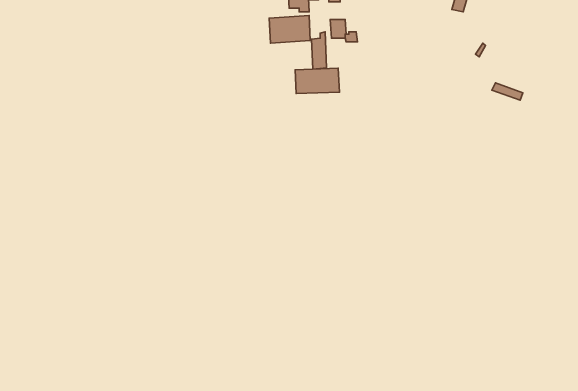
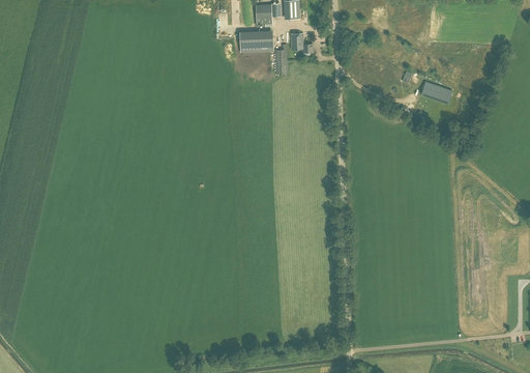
building: [295,68,339,94] -> none

